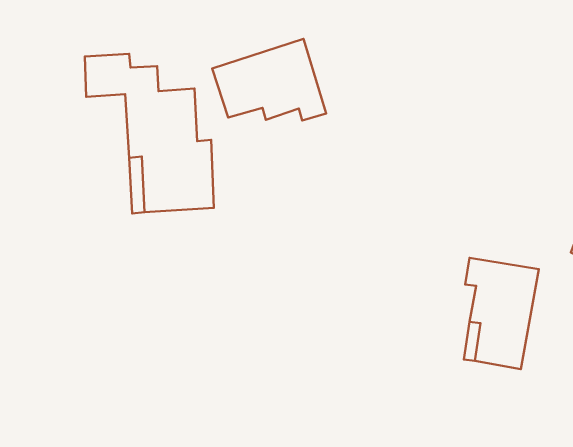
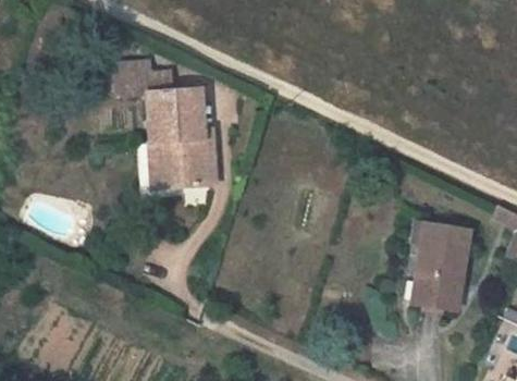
building: [212,39,326,121] -> none

